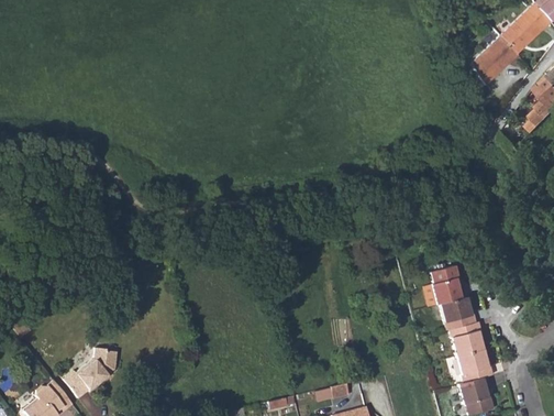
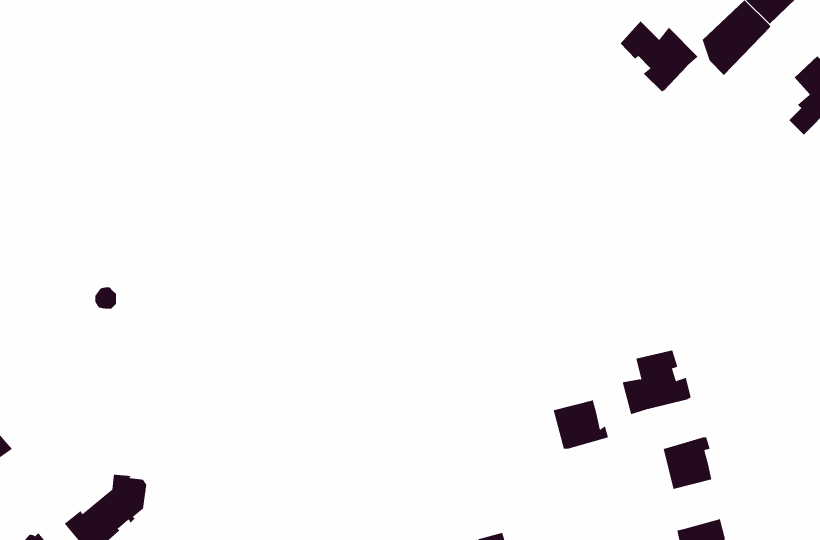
building: none -> [620,20,699,92]
building: [440,297,476,329] -> [553,400,609,449]
building: [456,349,491,381] -> none

